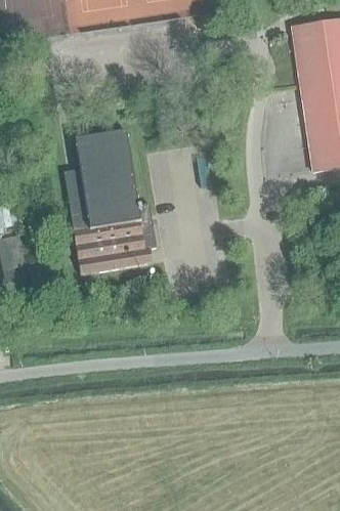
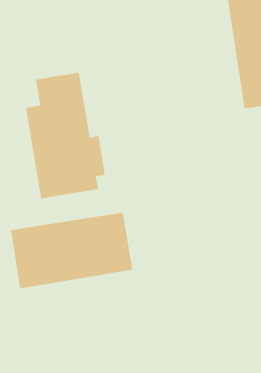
building: none -> [11,212,133,289]

